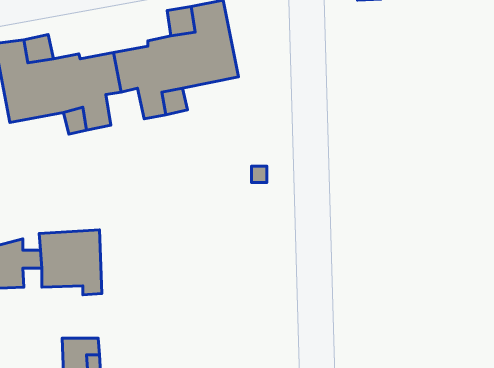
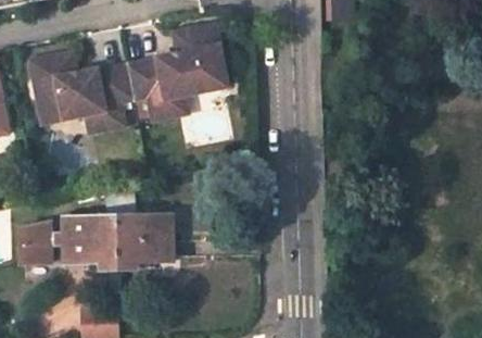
building: none -> [115,213,170,271]

